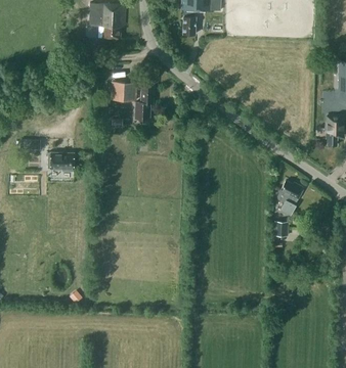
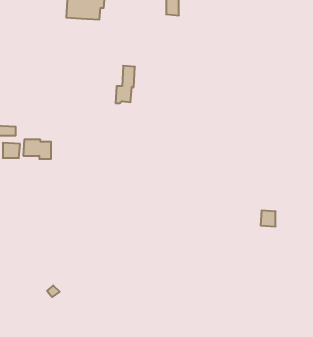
building: [110,83,135,100] -> none
building: [276,181,303,216] -> none

